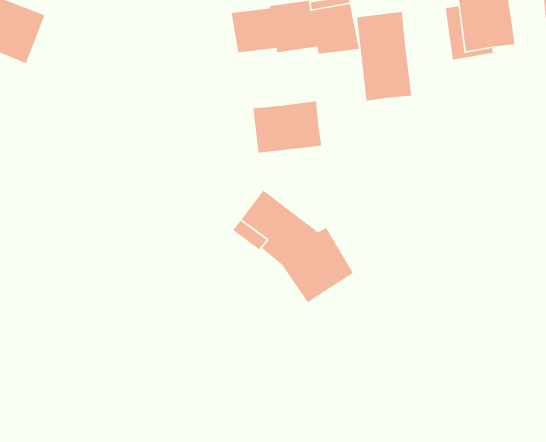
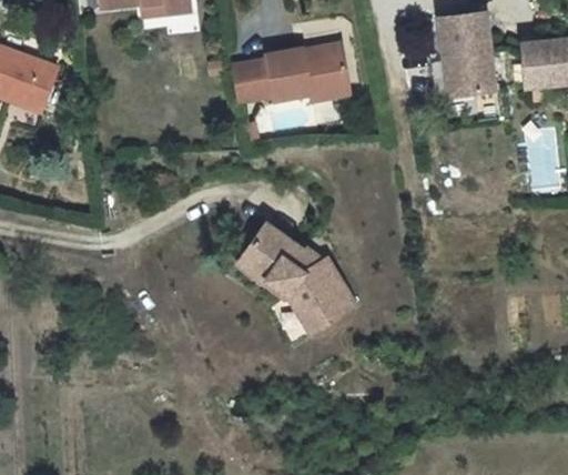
building: [356,11,412,102] -> none
building: [253,100,322,154] -> none

